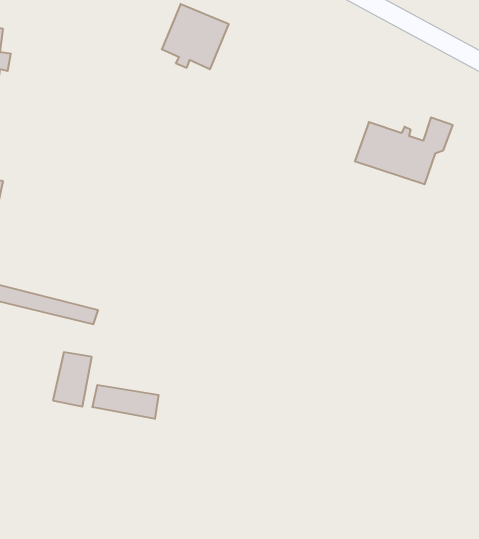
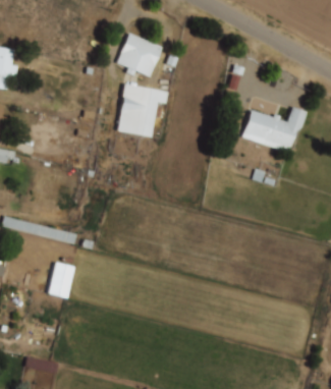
building: none -> [116,82,168,136]
building: [92,385,159,419] -> none

